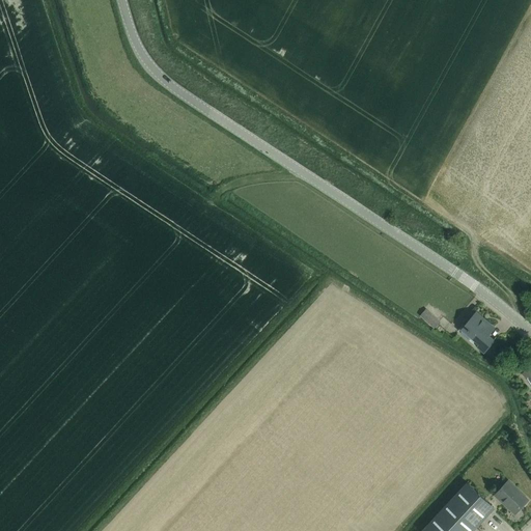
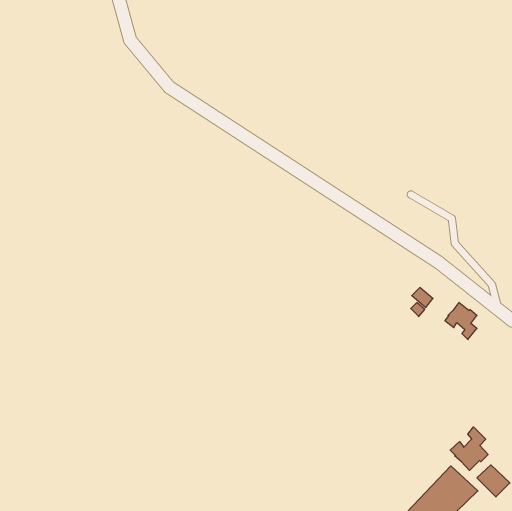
building: none -> [450,427,488,470]

